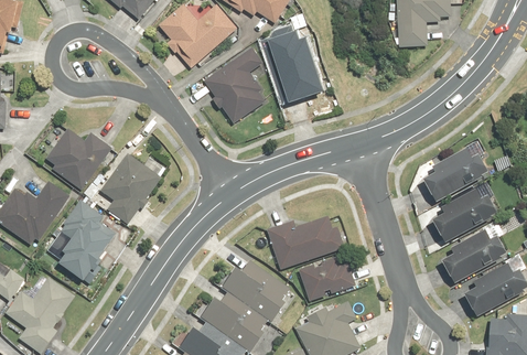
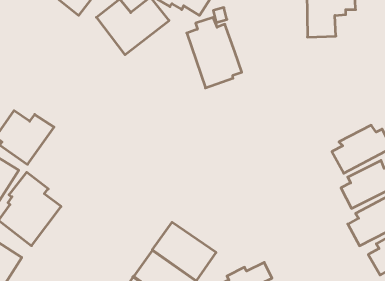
building: [206,51,268,125] -> none
building: [99,152,166,225] -> none
building: [267,214,344,268] -> none
building: [299,255,356,300] -> none

